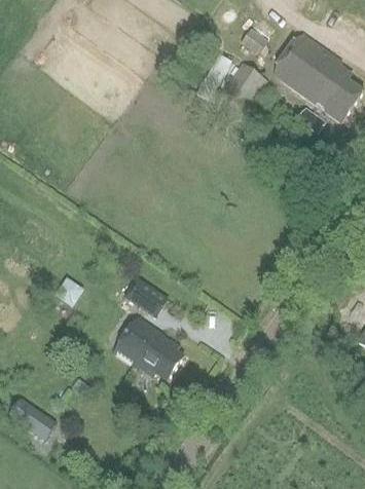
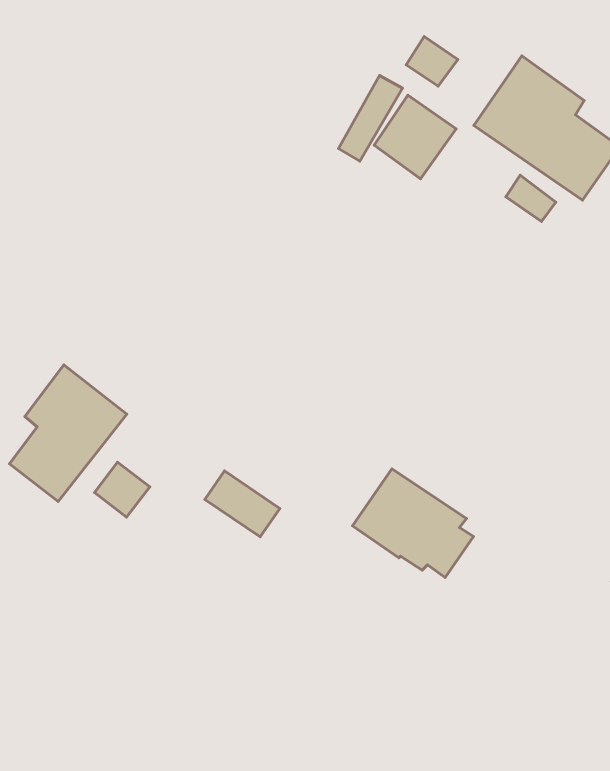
building: none -> [9,365,127,502]
building: [112,315,182,378] -> [353,469,474,577]
building: [9,397,57,438] -> none

